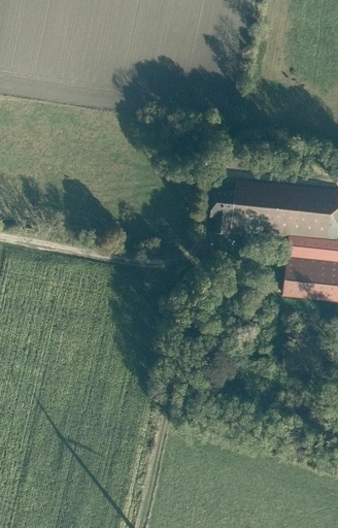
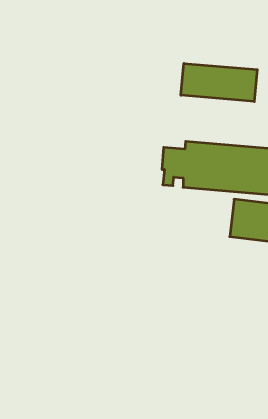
building: none -> [181,63,257,102]

